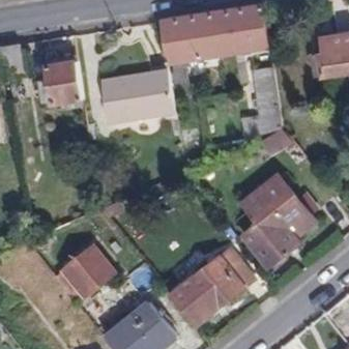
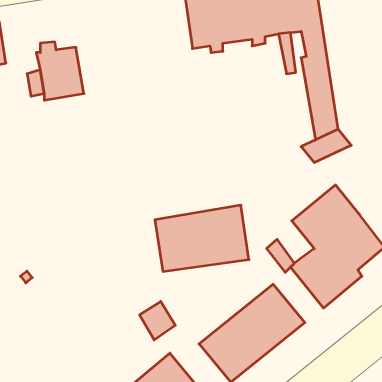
building: [100,68,174,120] -> [155,205,249,271]
building: [57,245,117,304] -> none

